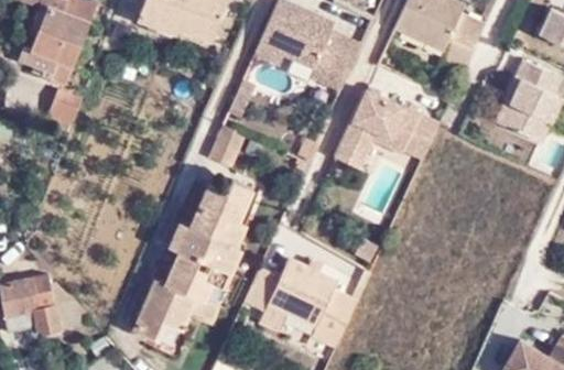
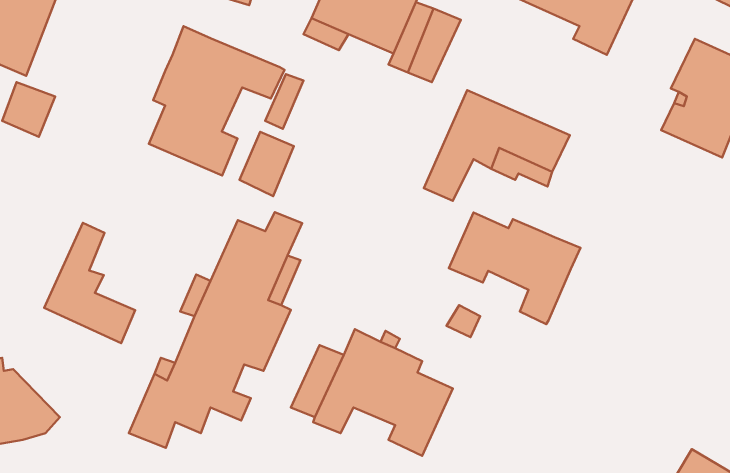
building: none -> [149,26,285,175]
building: none -> [449,213,581,324]
building: none -> [44,223,135,343]

